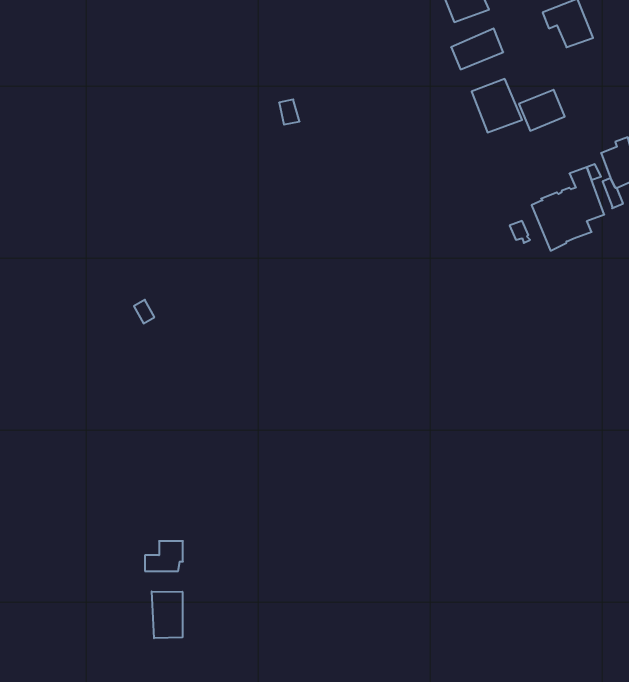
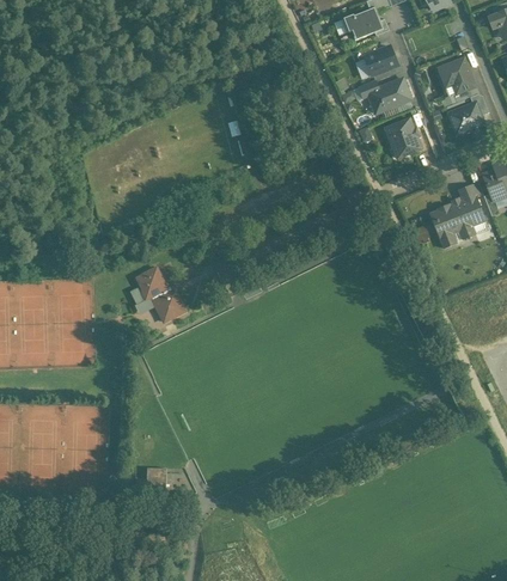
building: [519,90,565,131] -> [448,102,483,133]
building: none -> [135,267,184,320]
building: [152,591,182,638] -> none

